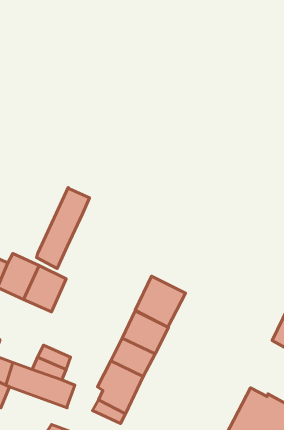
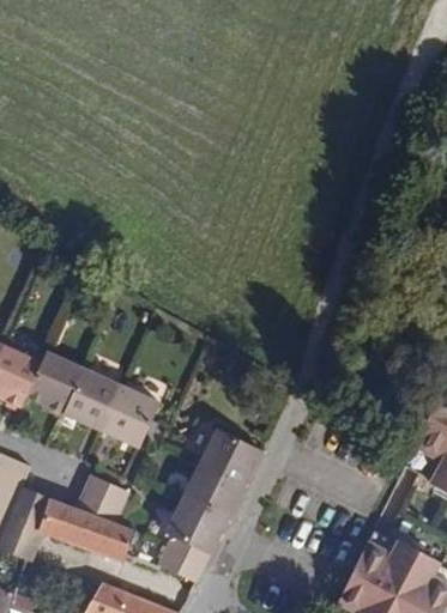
building: [36,187,90,269] -> none
building: [135,276,186,327] -> none
building: none -> [102,384,159,448]

